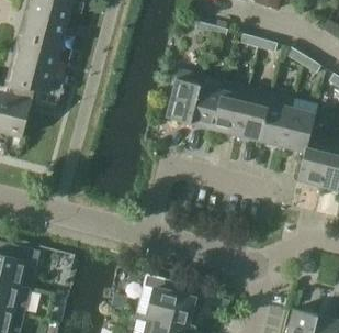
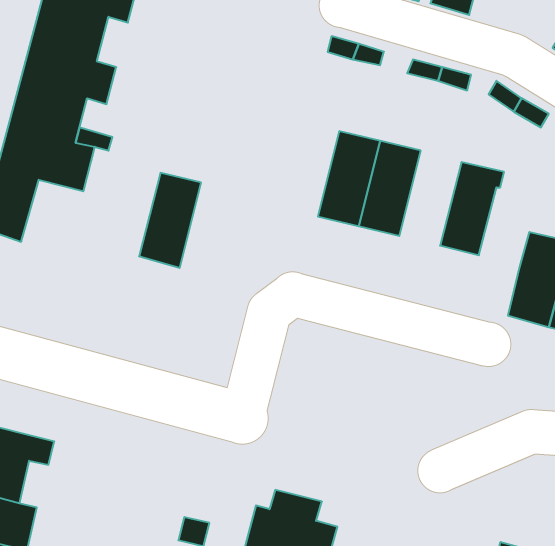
building: [166,69,201,123] -> [139,173,201,268]
building: [235,86,270,140] -> none
building: [280,98,315,152] -> none

